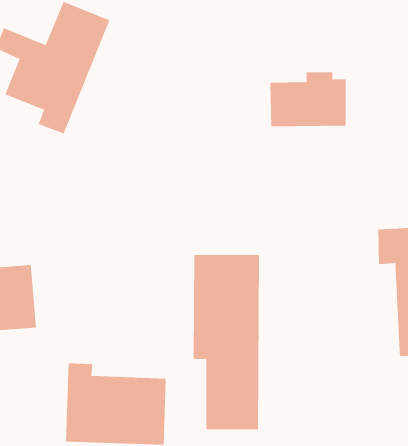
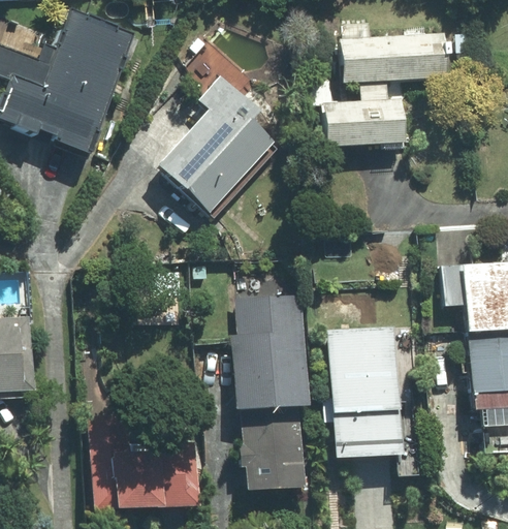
building: none -> [342,25,448,83]
building: none -> [135,74,272,218]
building: none -> [327,325,423,477]

